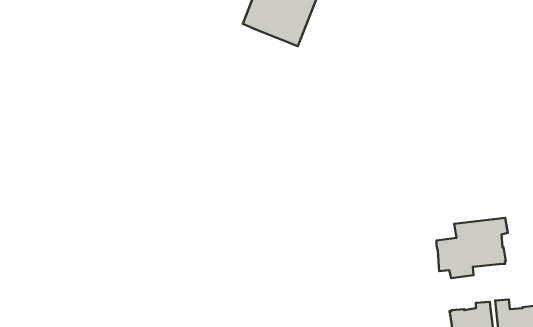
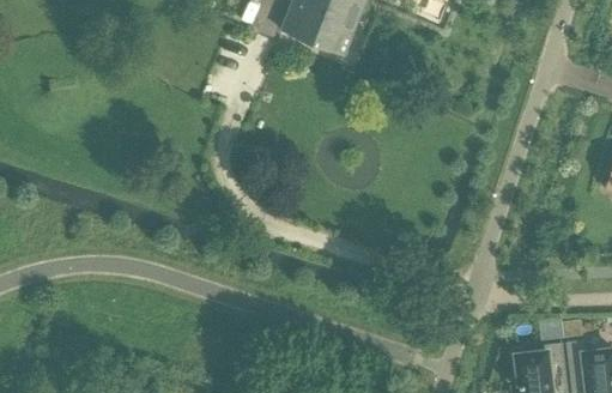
building: [436,218,508,278] -> none

